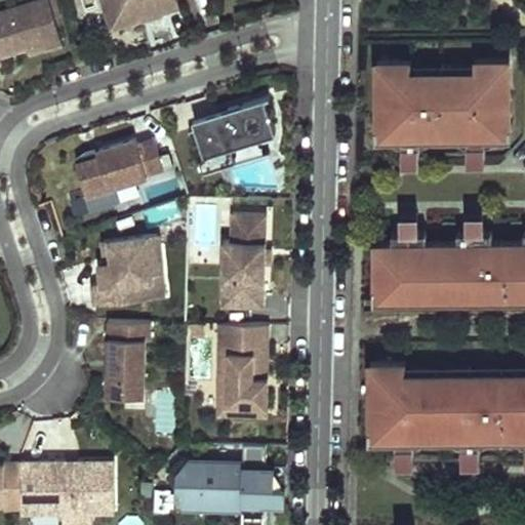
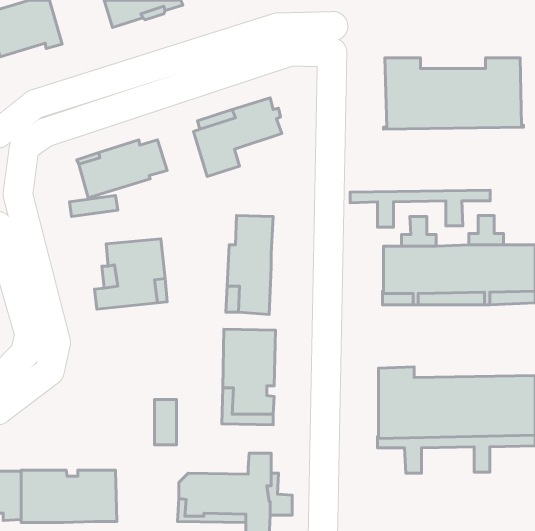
building: [374,130,511,166] -> [350,190,490,227]
building: [106,324,151,399] -> none

